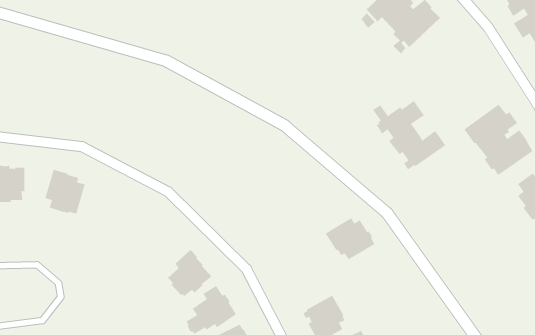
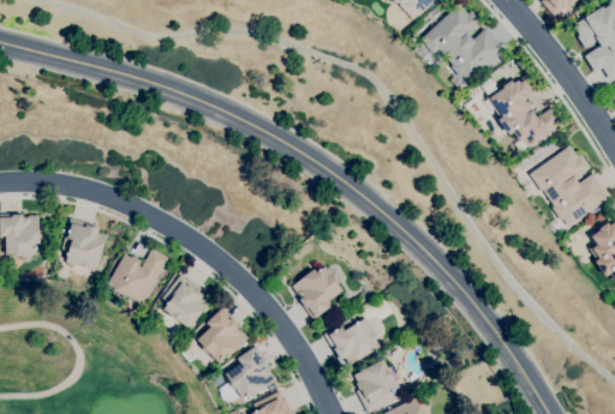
building: [372,100,446,170] -> [480,73,563,151]
building: none -> [107,248,169,304]
building: none -> [292,268,342,319]
building: [325,217,375,260] -> [323,317,380,365]
building: none -> [162,275,209,328]

